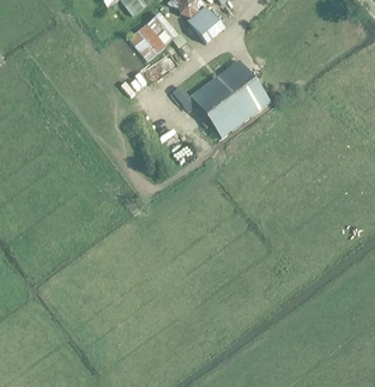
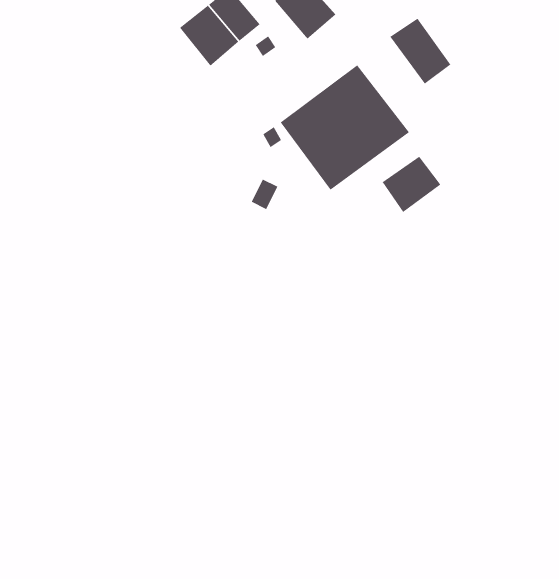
building: none -> [389,18,451,84]
building: none -> [382,156,441,213]

